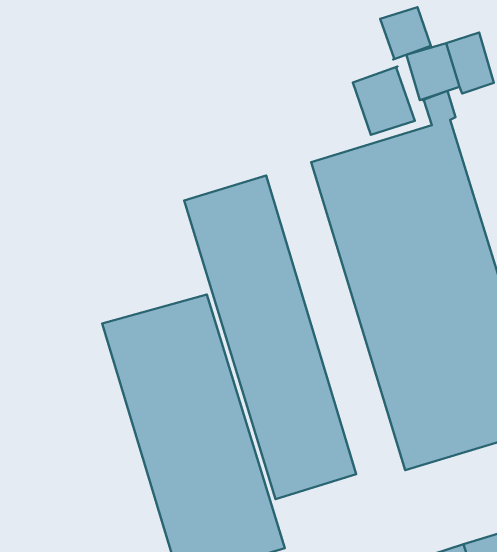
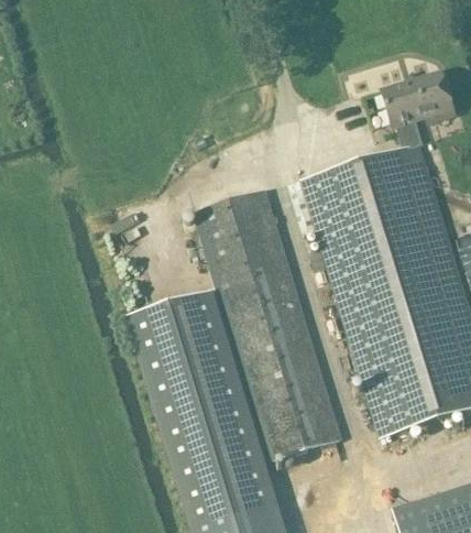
building: [380,7,431,59] -> none
building: [353,67,415,135] -> none

